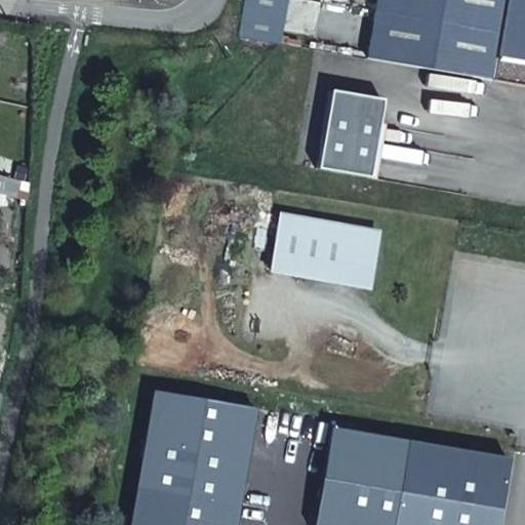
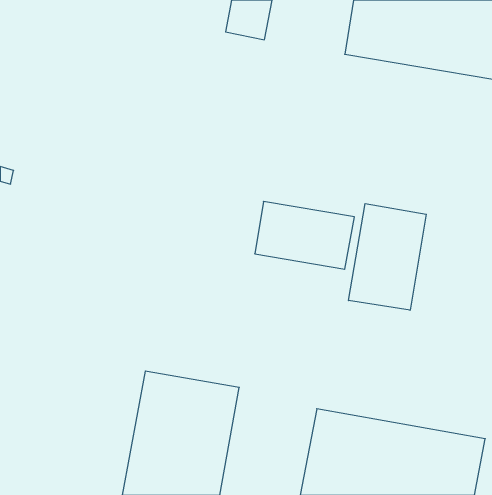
building: [319,89,382,176] -> none
building: none -> [349,204,426,310]

